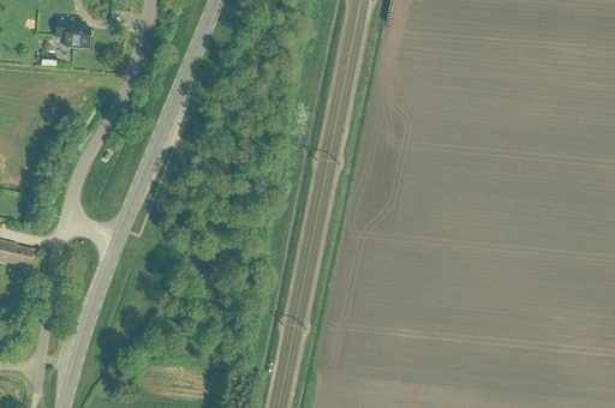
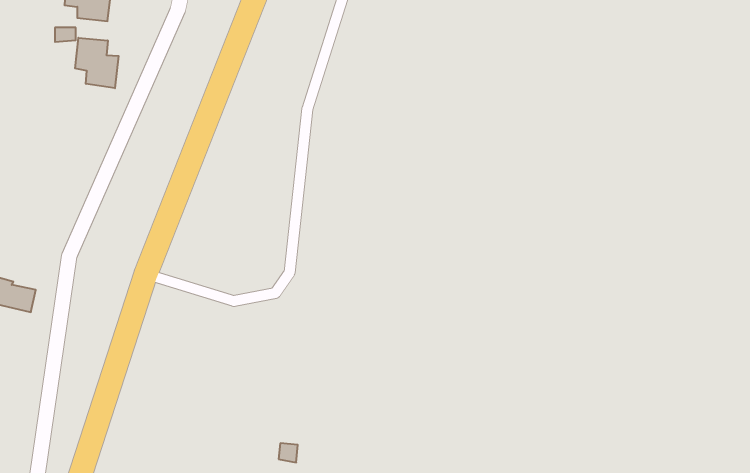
building: none -> [75,38,119,88]

